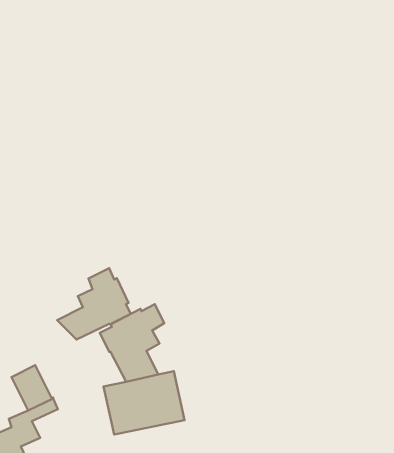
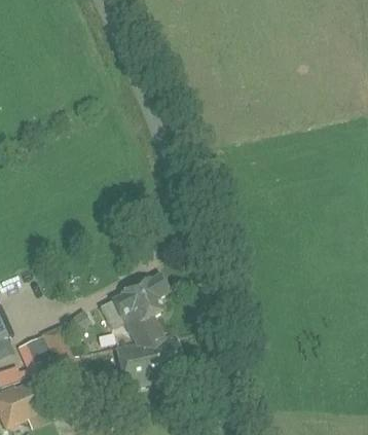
building: [57,268,131,340] -> none

